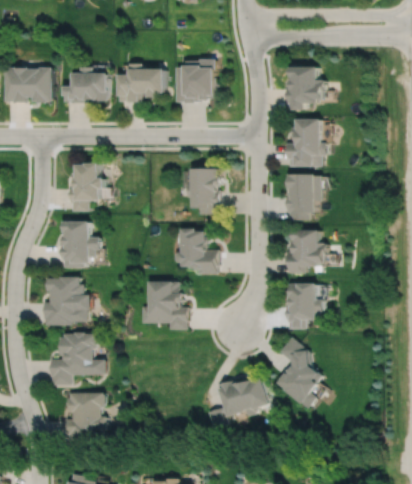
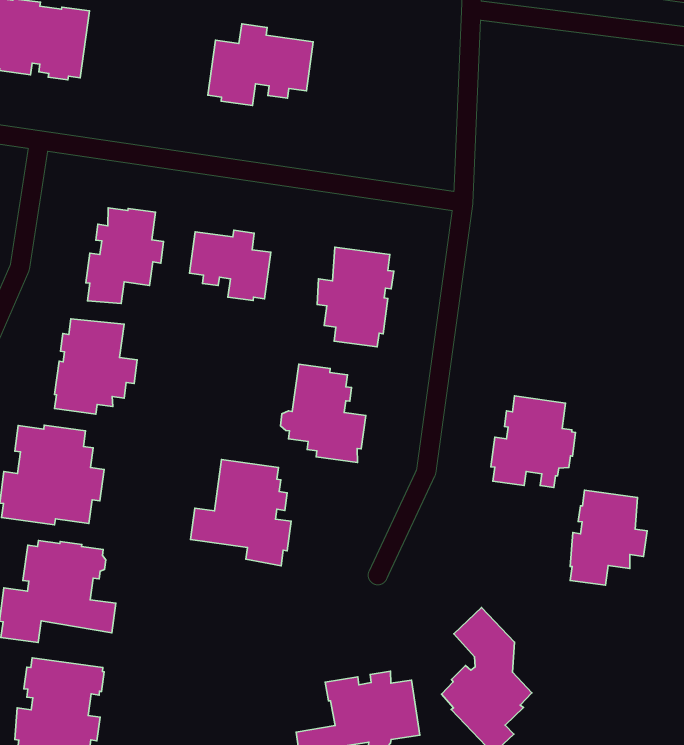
building: [176,57,222,102] -> none
building: [285,64,325,109] -> none
building: [63,65,110,103] -> none
building: [285,117,325,166] -> none
building: none -> [189,230,271,300]
building: [286,173,321,220] -> none
building: [285,283,322,329] -> [570,490,647,585]

